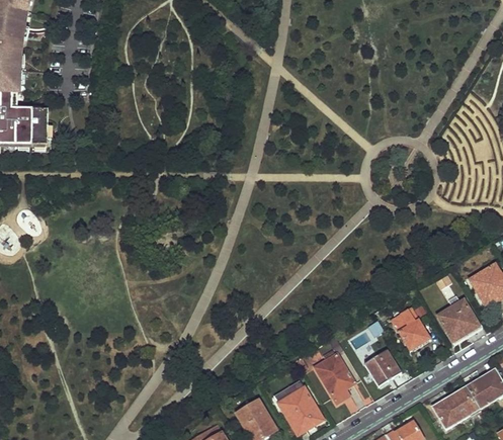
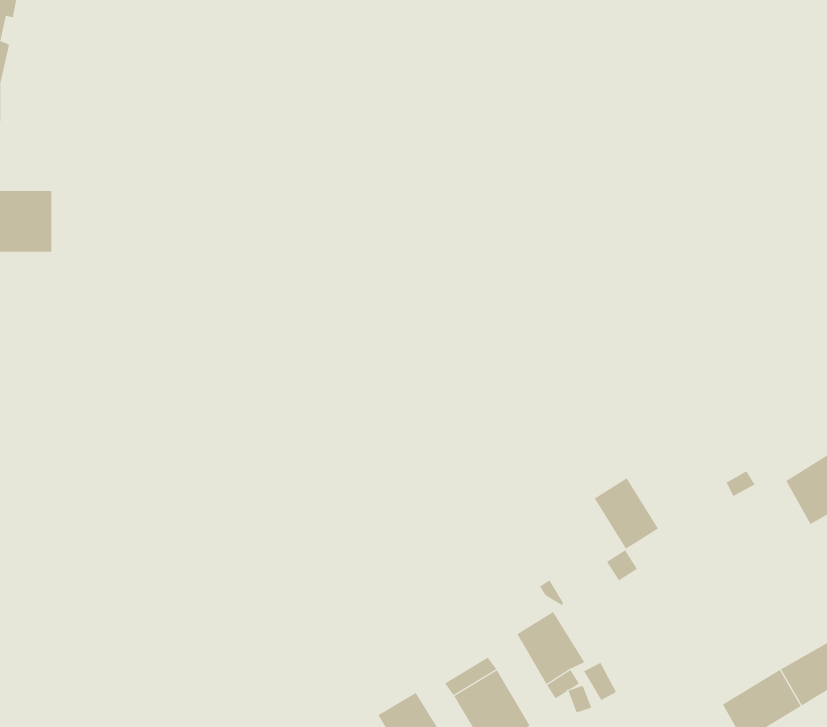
building: [439,299,480,341] -> none
building: [393,307,430,349] -> [594,477,659,550]
building: [364,349,402,385] -> none

